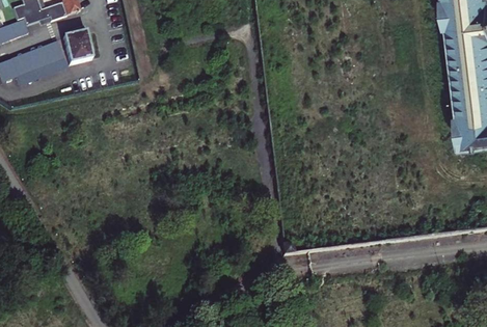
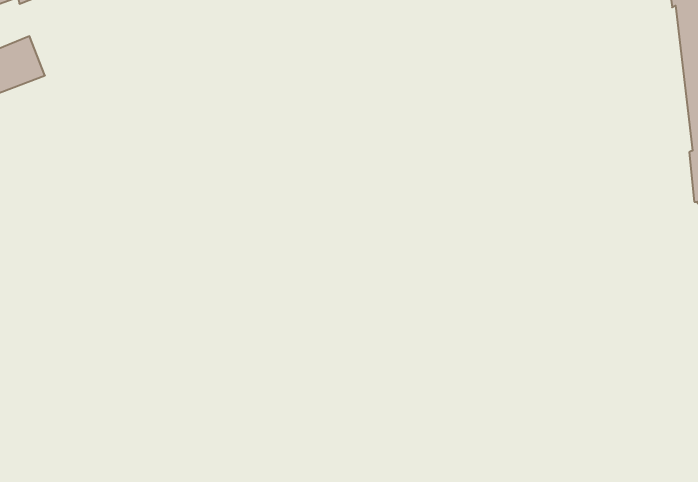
building: [64,31,92,62] -> none

